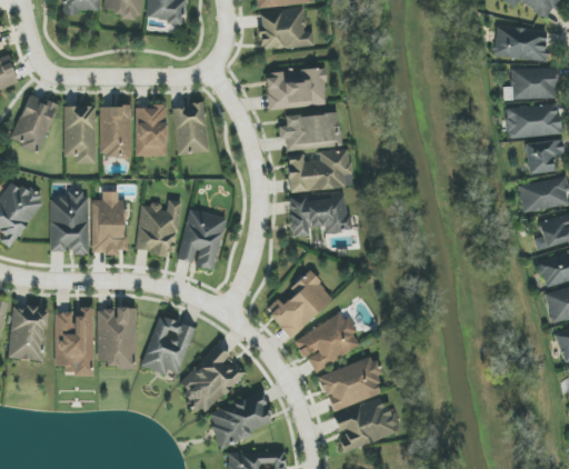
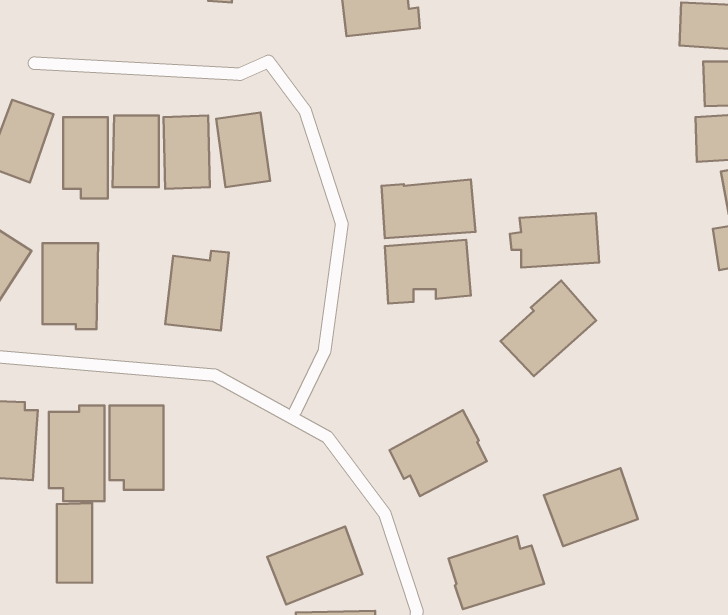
building: [264,67,328,110] -> none
building: [278,112,340,150] -> [510,213,599,267]
building: [91,191,126,253] -> none
building: [178,209,226,270] -> none
building: [267,270,333,337] -> [501,281,596,376]
building: [140,315,194,376] -> none
building: [176,343,244,413] -> none
building: [318,357,383,411] -> [544,468,638,546]
building: none -> [57,503,92,583]

